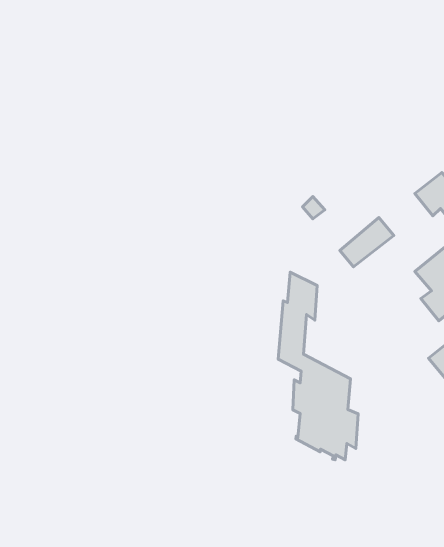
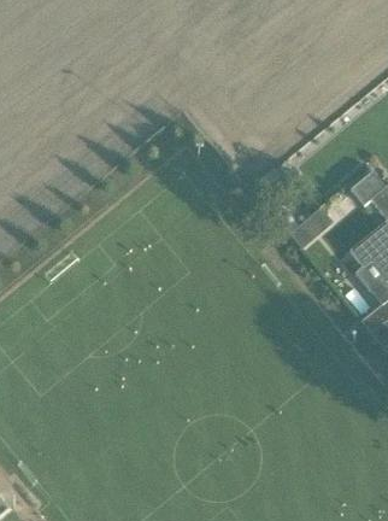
building: [278,272,358,460] -> none

